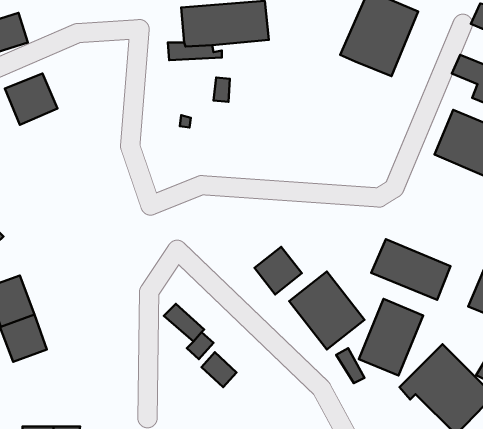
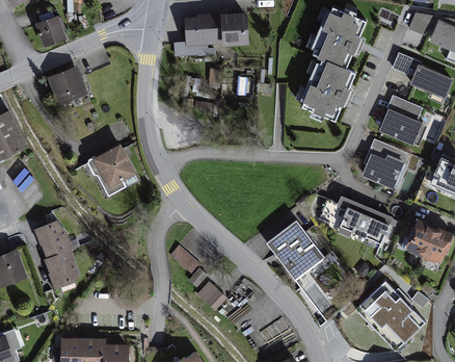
building: none -> [297,57,357,123]
building: none -> [359,138,411,189]
building: none -> [89,148,134,192]
building: [255,247,302,294] -> none
building: [359,299,423,376] -> none

